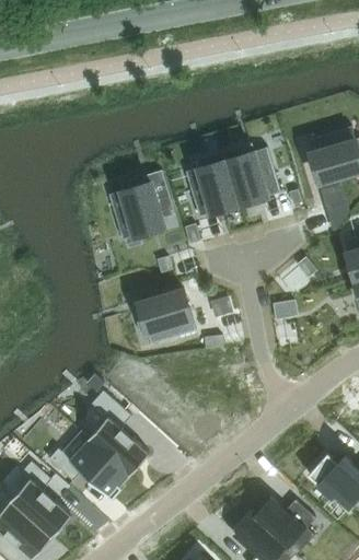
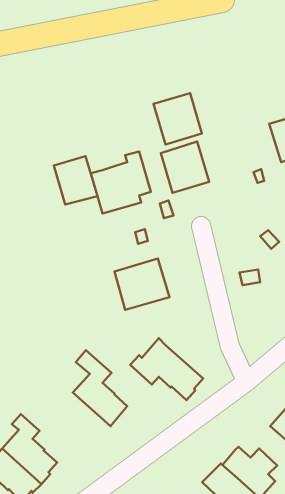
building: [225,147,279,203] -> [154,93,202,144]
building: none -> [54,156,97,205]
building: [48,430,129,499] -> [130,338,203,400]

